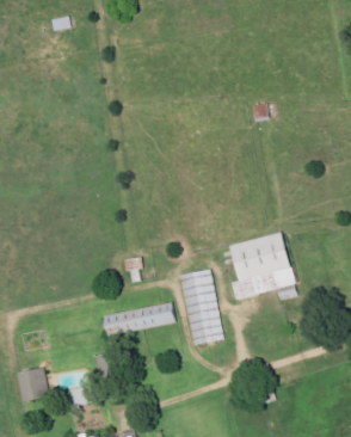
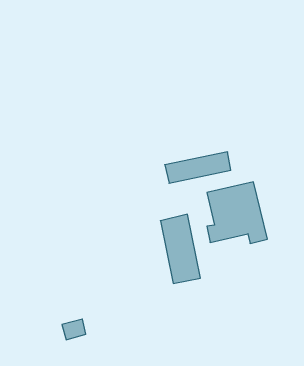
building: [103,301,176,336] -> [165,152,231,183]
building: [17,367,48,400] -> none

